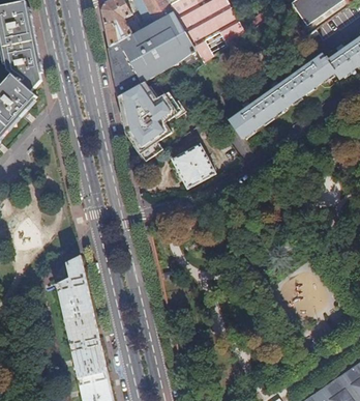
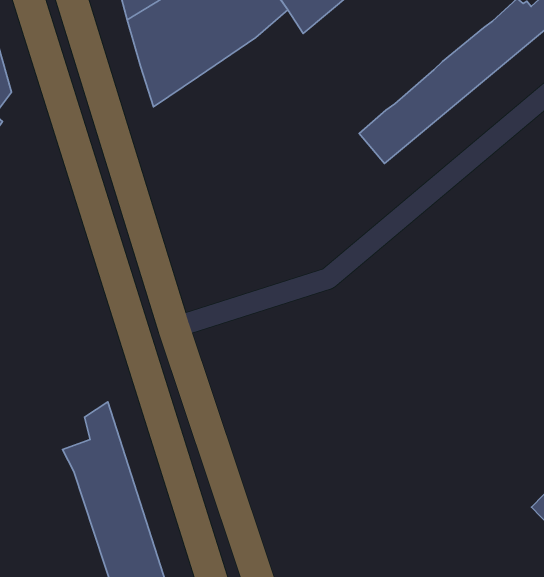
building: [118,82,181,162] -> none
building: [171,144,214,189] -> none

